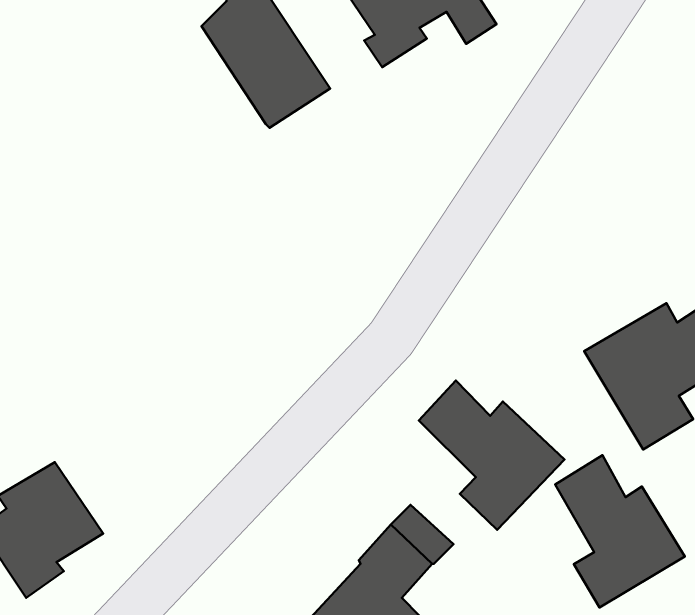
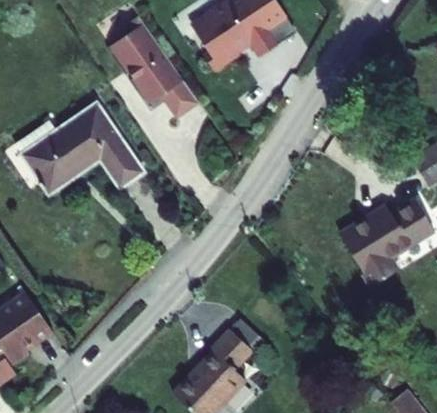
building: none -> [26,107,149,197]
building: [419,381,564,530] -> none
building: [555,455,685,608] -> none

